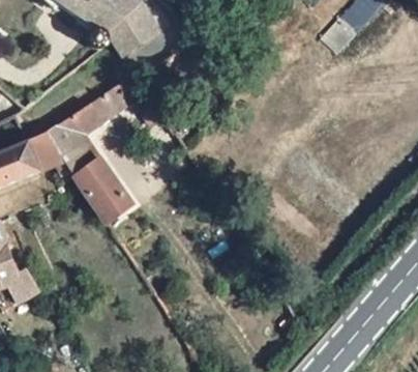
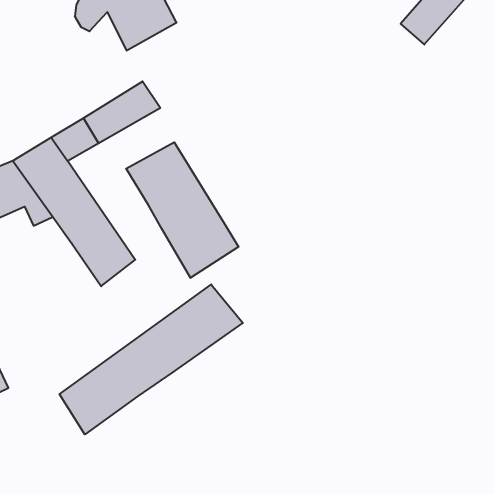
building: none -> [126,142,239,278]
building: none -> [60,284,243,434]

